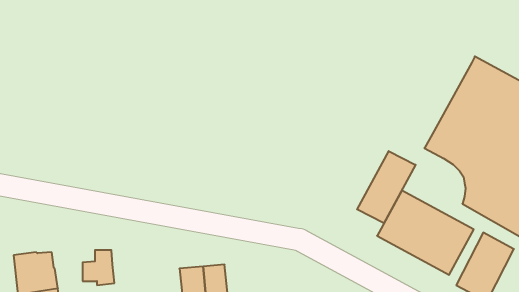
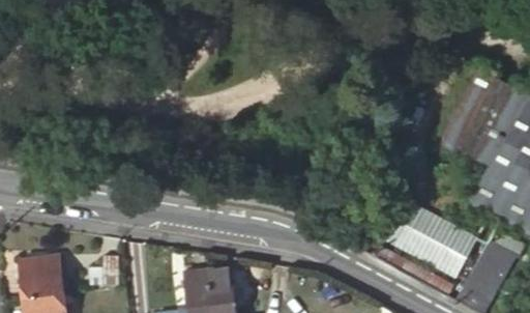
building: [357,151,416,223] -> none

